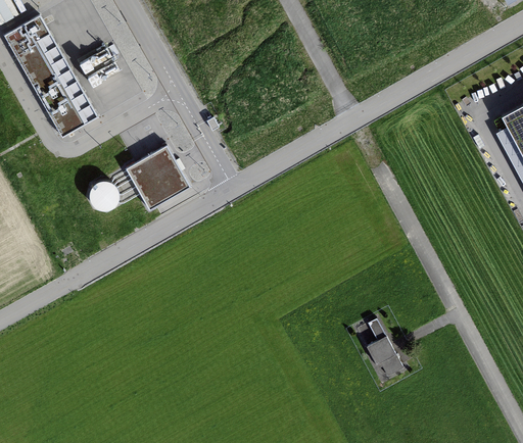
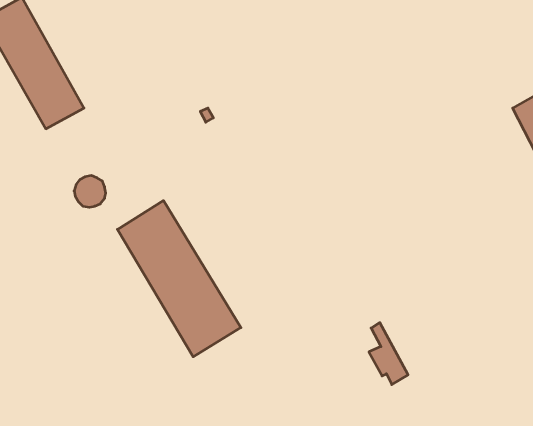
building: [127,146,189,206] -> none
building: none -> [117,201,241,357]

